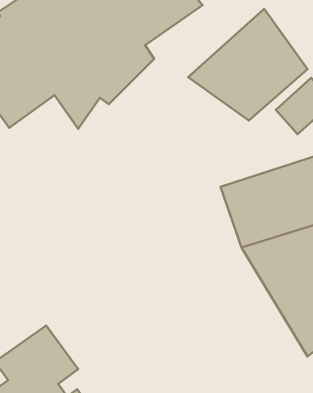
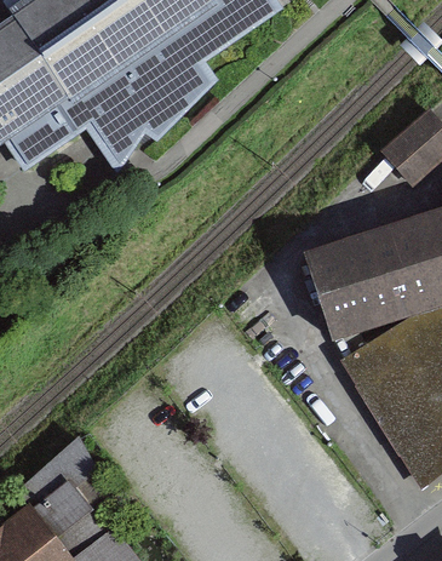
building: [188,9,308,120] -> none

